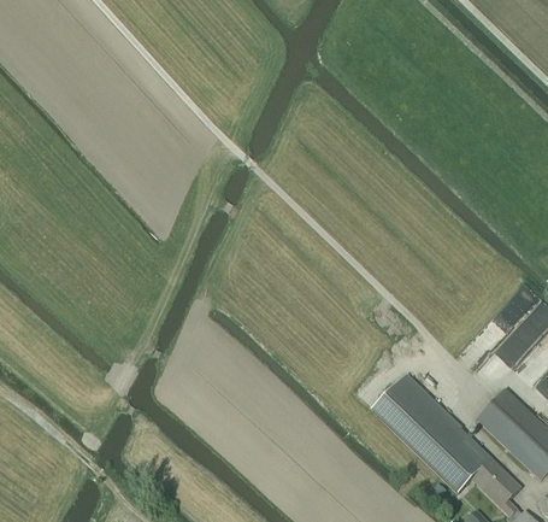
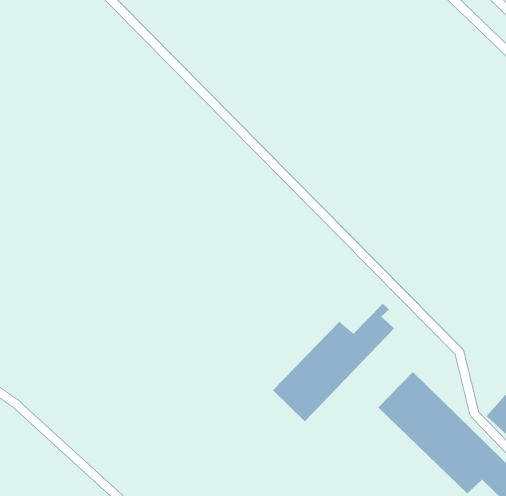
building: none -> [272,303,395,422]

